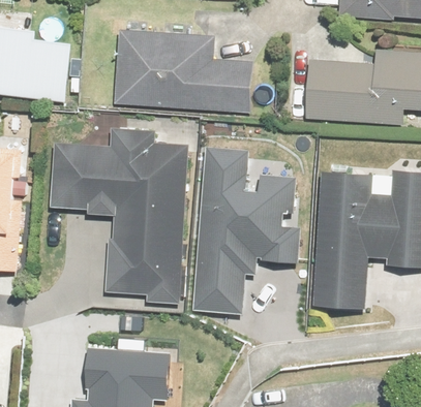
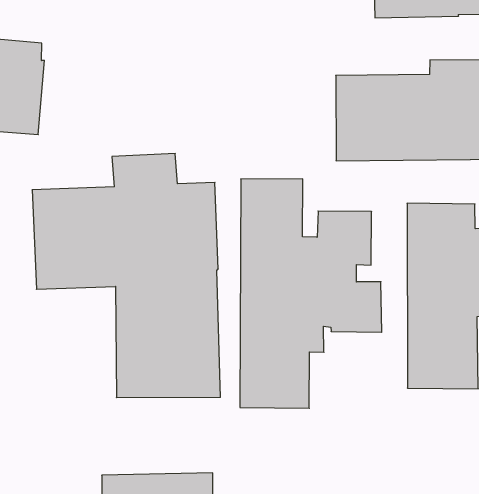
building: [113,29,252,109] -> none

